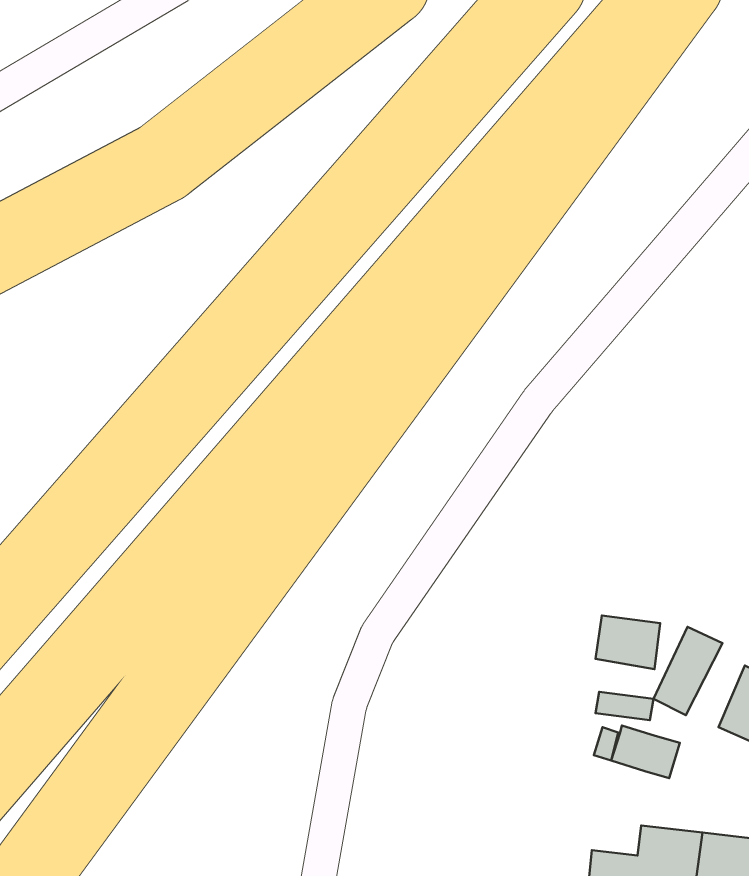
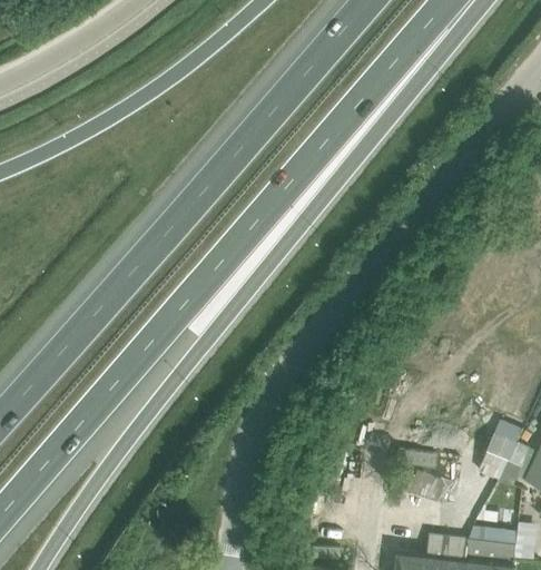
building: [596,616,660,669] -> none
building: [653,627,722,715] -> none

